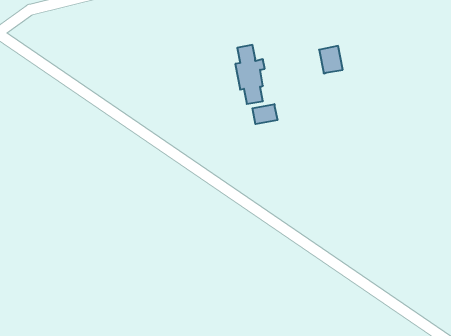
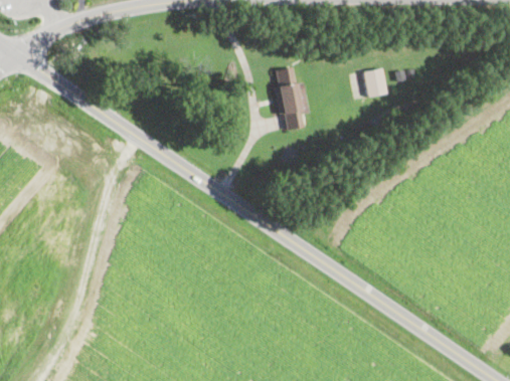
building: [252,104,277,124] -> none

